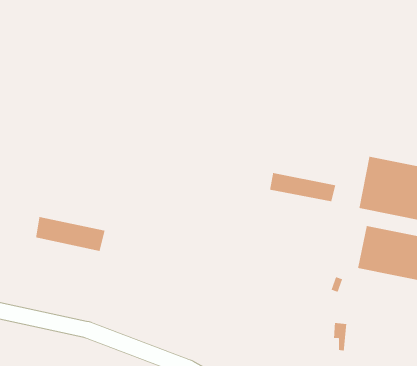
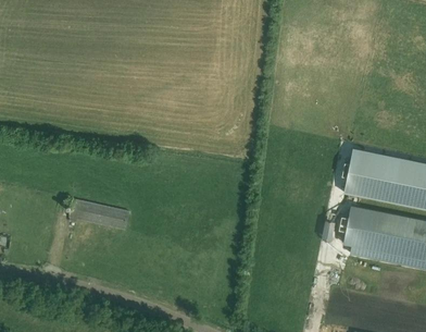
building: [269,172,336,202] -> none

